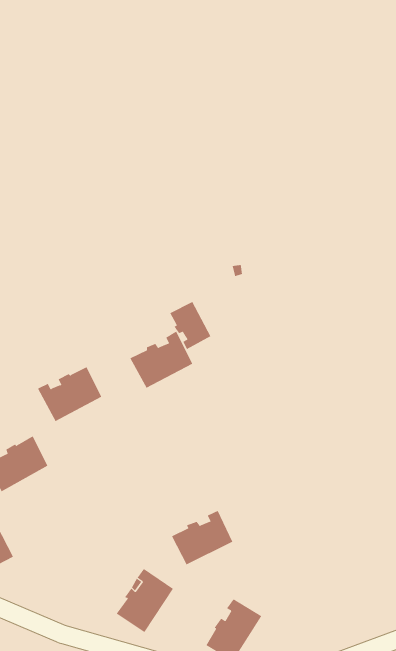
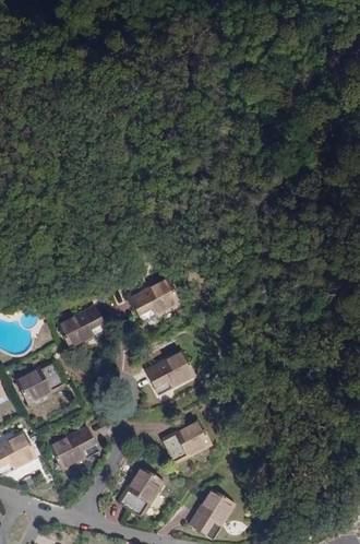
building: [170,301,211,350] -> none
building: none -> [144,348,194,393]
building: none -> [48,426,99,469]

